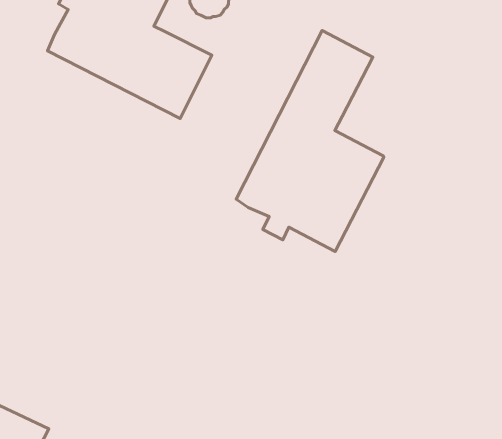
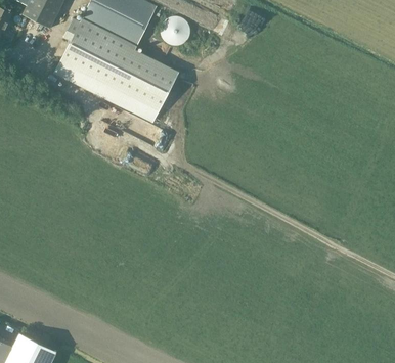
building: [236,30,384,251] -> none

